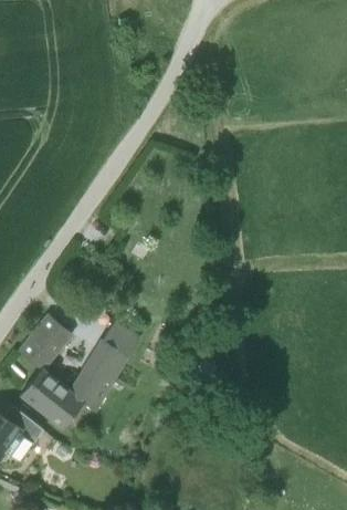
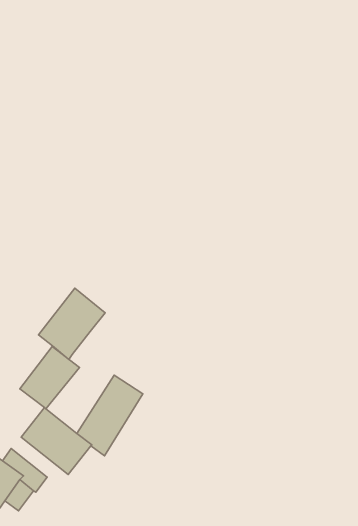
building: none -> [39,288,105,360]
building: [103,322,139,356] -> none

